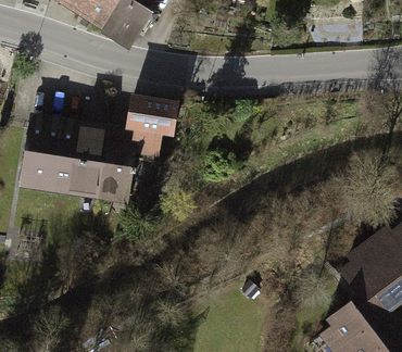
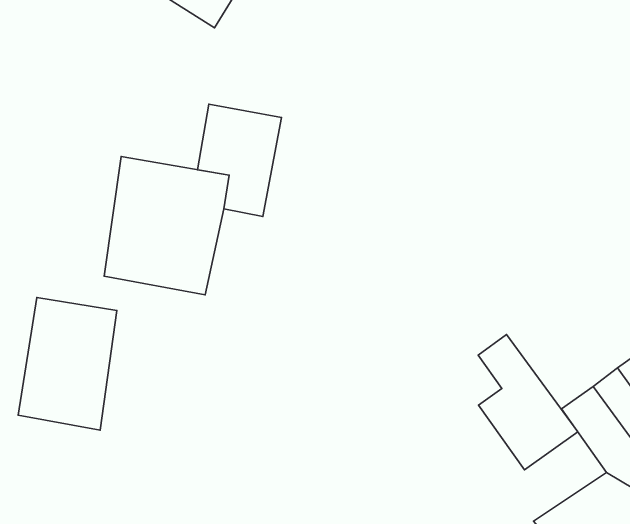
building: [18,116,76,193] -> [18,297,117,430]
building: none -> [478,334,578,470]

